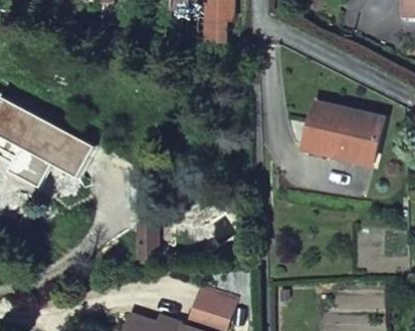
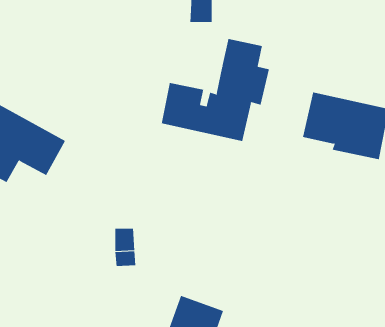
building: none -> [161,38,270,142]

